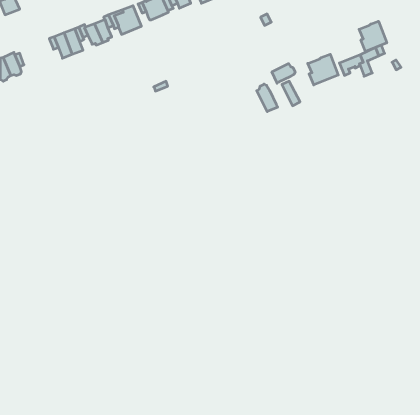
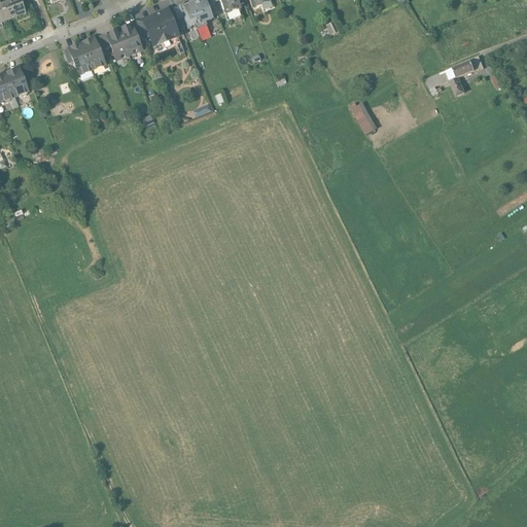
building: [359,21,387,51] -> none
building: [308,54,338,85] -> none
building: [272,64,295,83] -> none
building: [257,84,278,112] -> none

